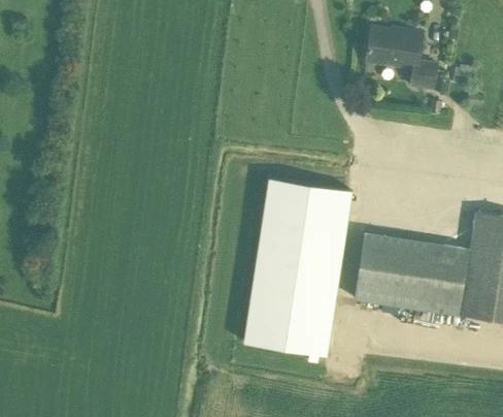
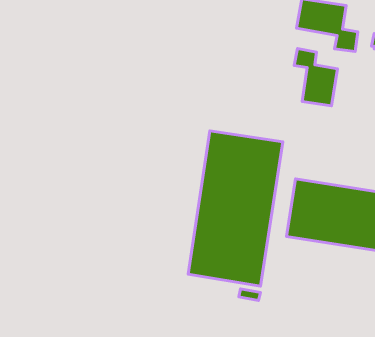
building: none -> [294,48,337,106]

